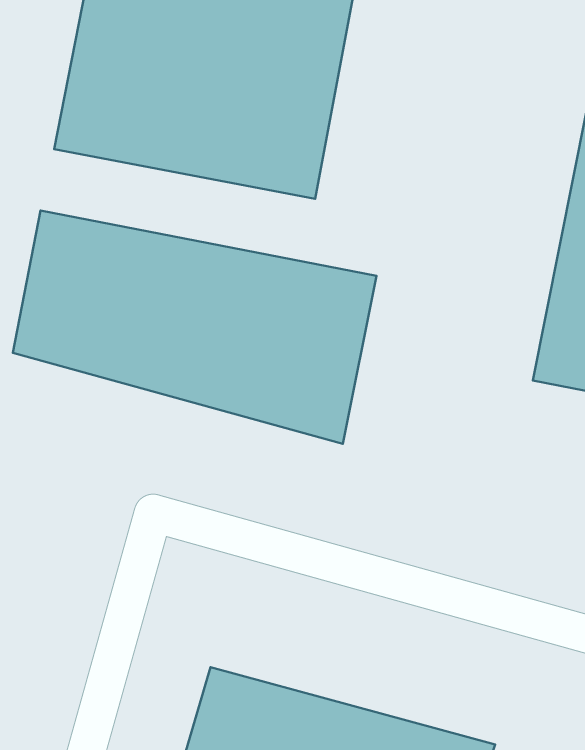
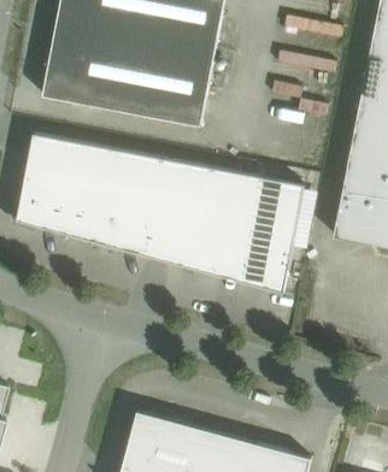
building: none -> [218,172,305,291]

